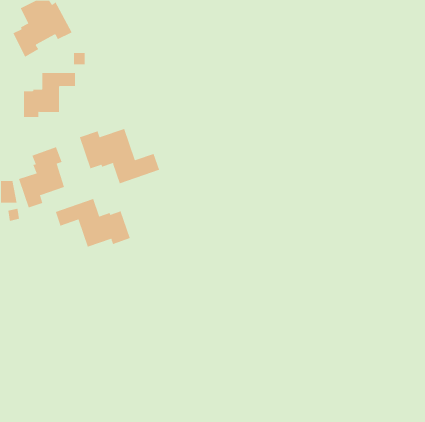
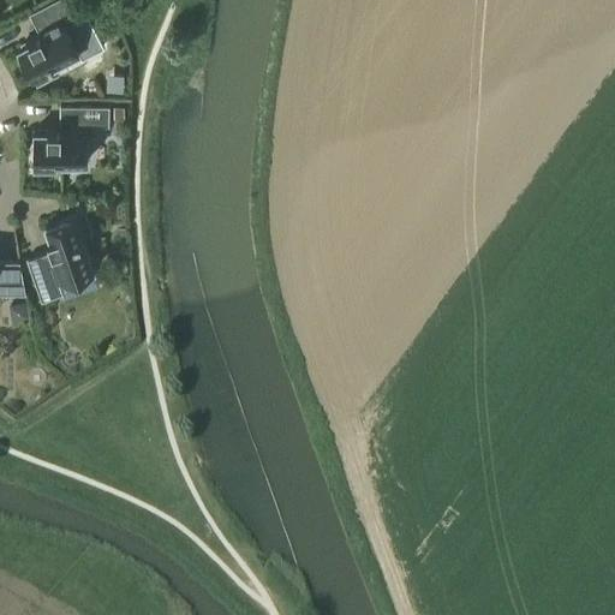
building: [79,128,160,184] -> none
building: [55,198,131,247] -> none

